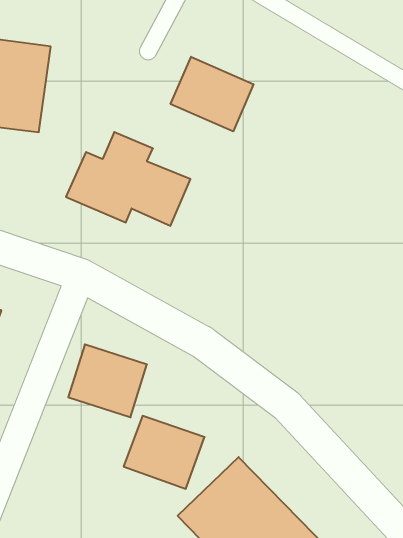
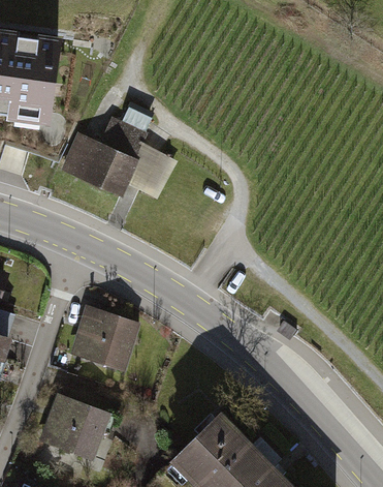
building: [171,57,253,131] -> none
building: [124,416,205,489] -> [36,395,107,459]

